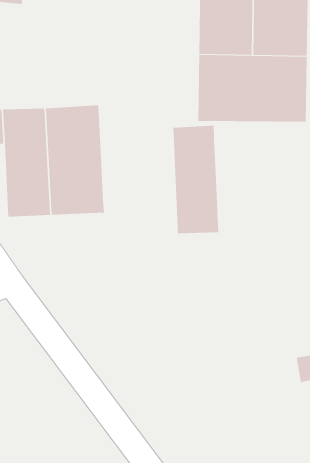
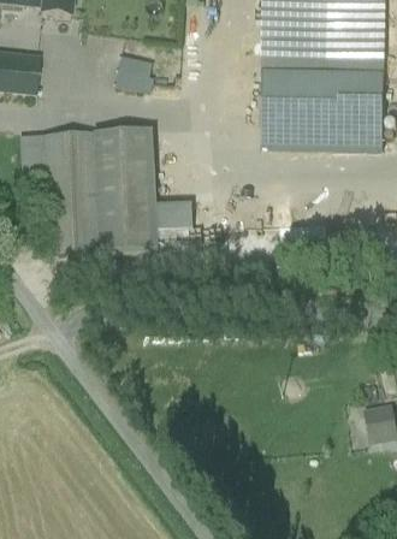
building: none -> [113,55,149,90]
building: [173,125,219,234] -> none
building: none -> [155,202,191,231]

